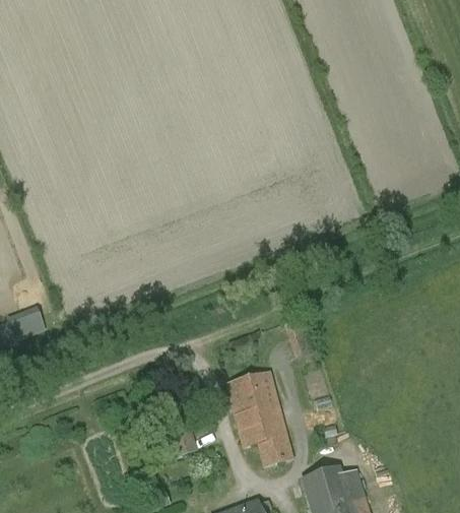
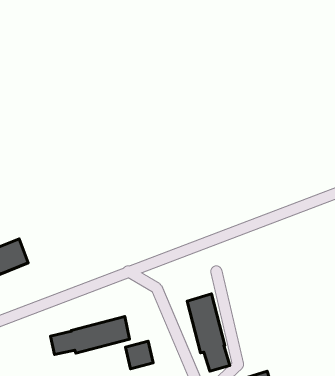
building: none -> [50,317,129,354]

